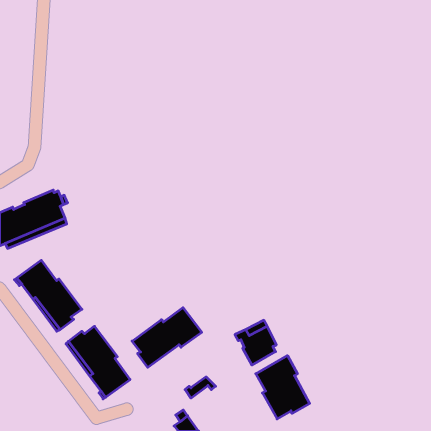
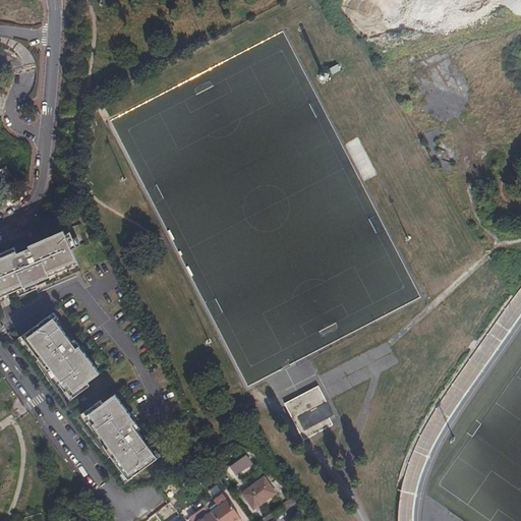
building: [132,308,202,367] -> none
building: [256,356,310,419] -> none
building: none -> [241,477,274,509]

